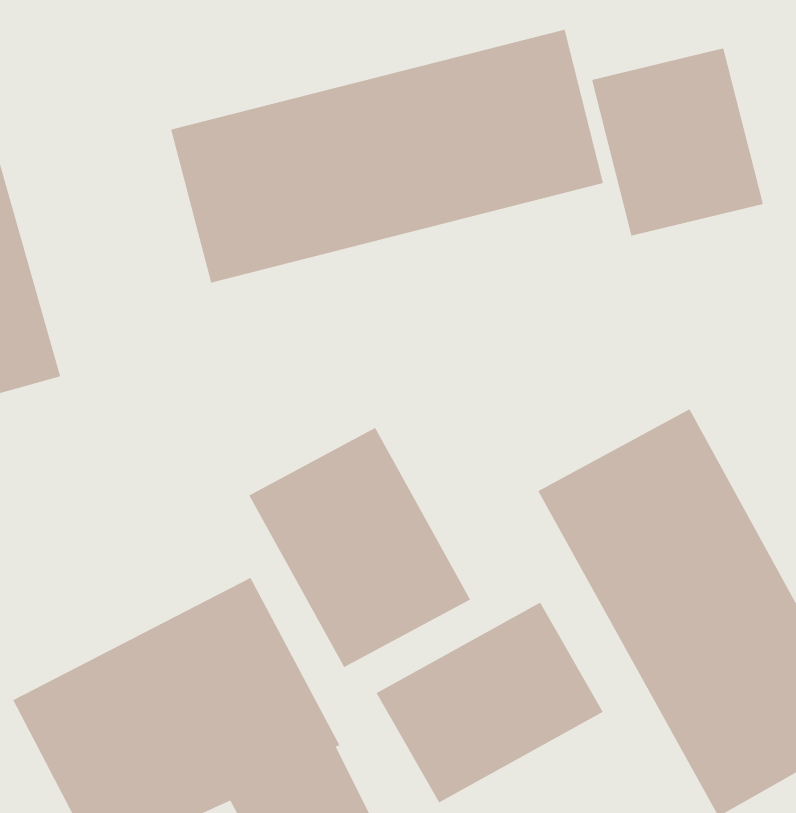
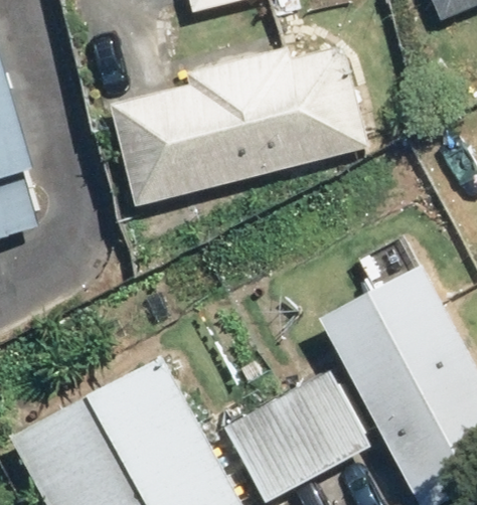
building: [591,47,764,237] -> none
building: [248,427,471,668] -> none

